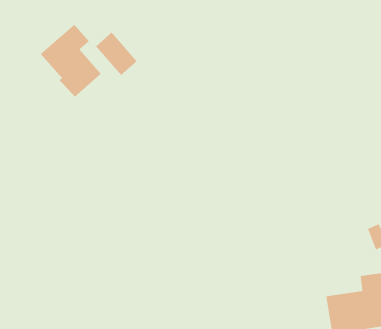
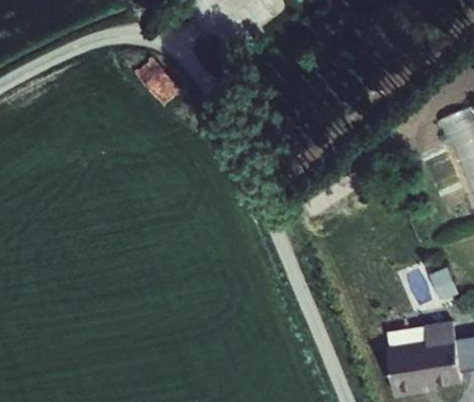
building: [40,24,102,97] -> none

